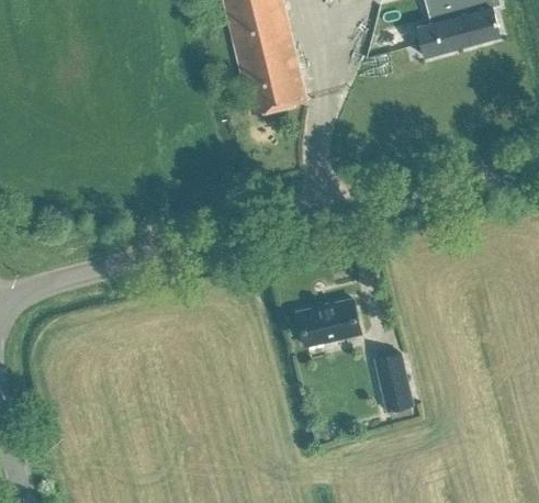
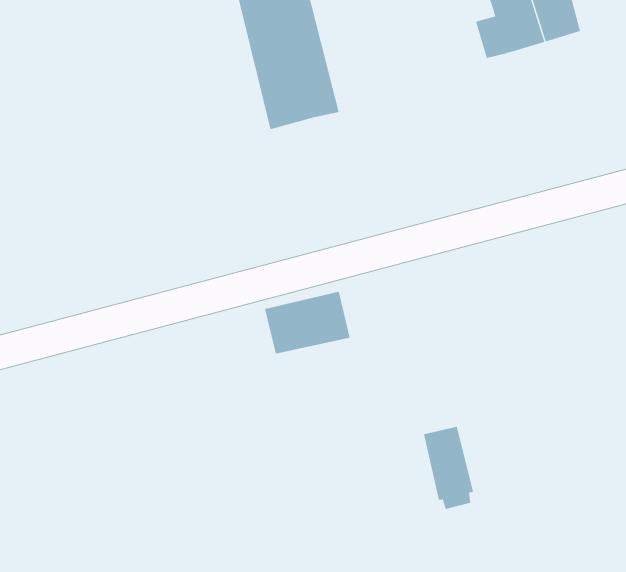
building: [295,297,364,347] -> [264,291,350,354]

